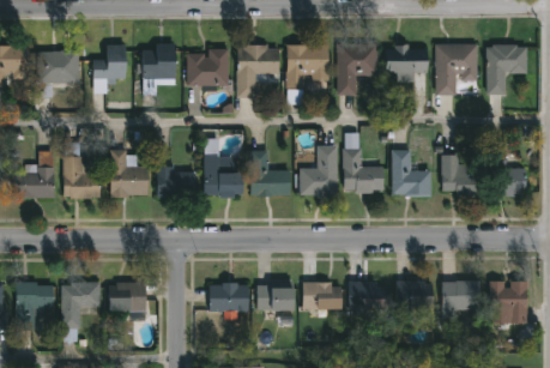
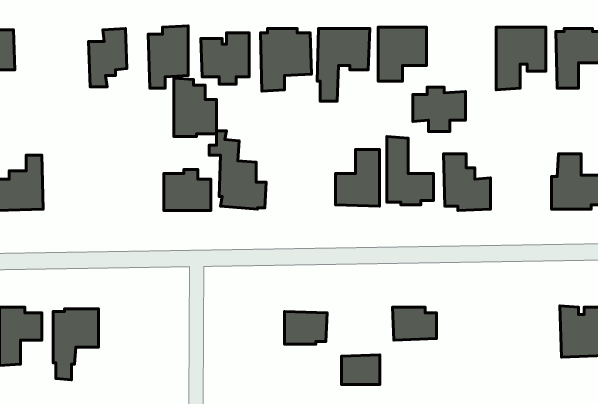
building: [383,46,428,83] -> [413,87,465,131]
building: [37,52,78,98] -> none
building: [110,150,146,199] -> [174,78,216,137]
building: [250,151,289,198] -> none
building: [441,156,479,199] -> none
building: [64,157,99,198] -> none
building: [443,279,482,309] -> none
building: [108,280,146,321] -> none
building: [397,280,433,319] -> none
building: [210,282,248,320] -> none
building: [310,283,343,308] -> [341,355,380,385]

